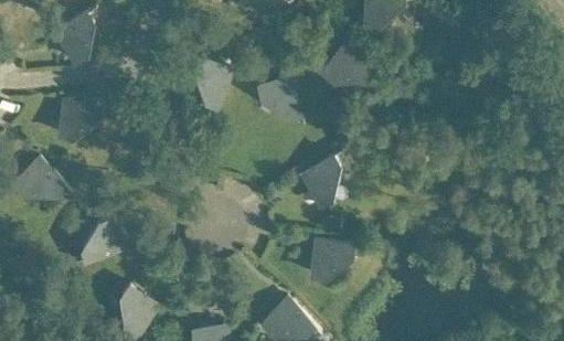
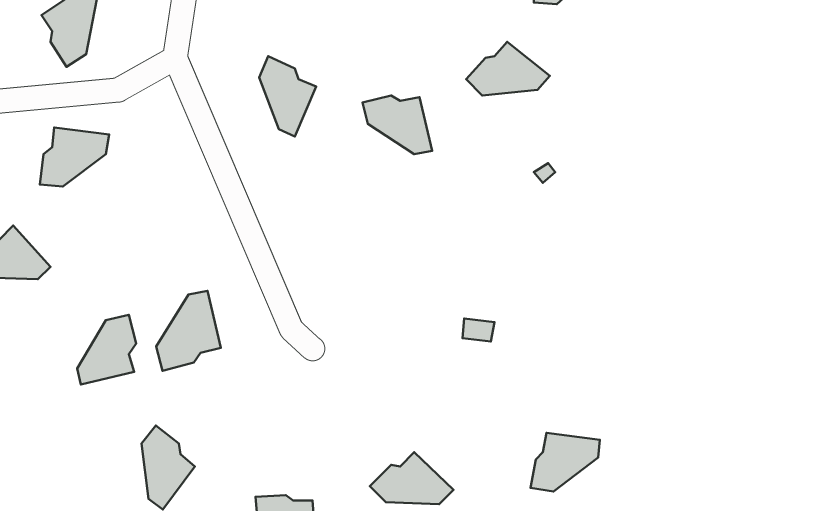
building: [304,156,339,206] -> none
building: none -> [156,291,221,371]
building: [309,242,352,278] -> [530,433,600,492]

